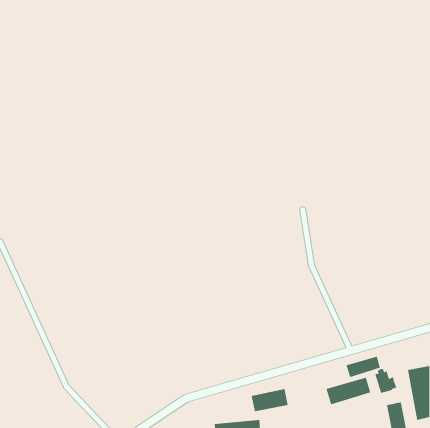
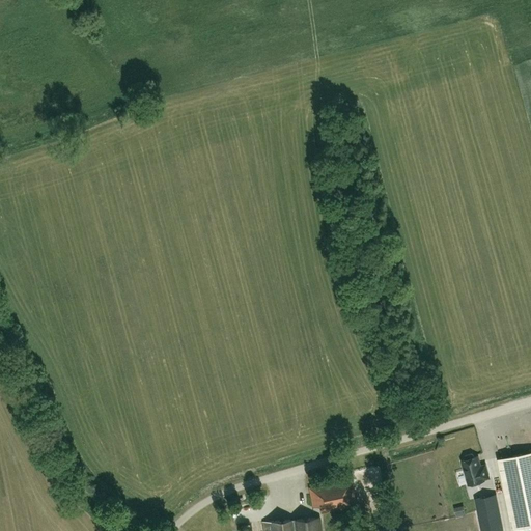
building: [346,356,381,378] -> none
building: [326,377,371,405] -> none

